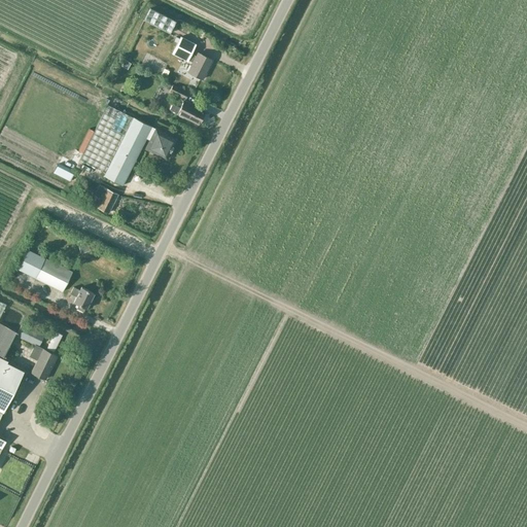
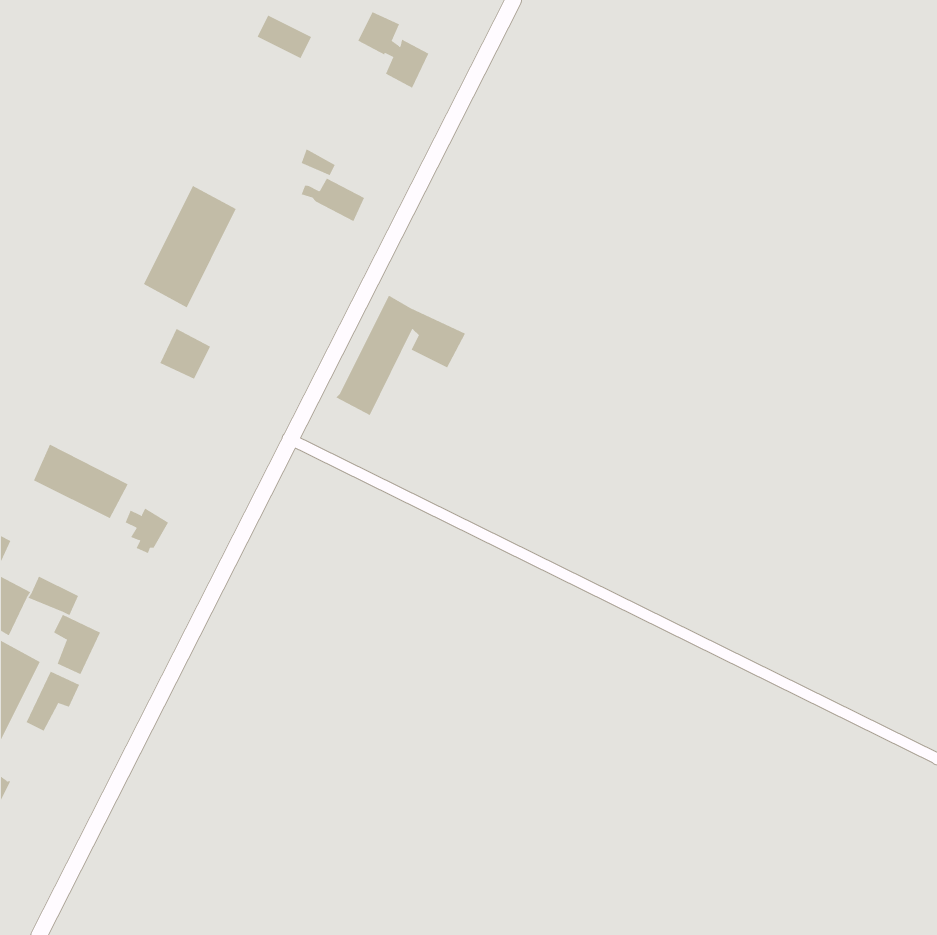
building: [172,37,212,80] -> [358,11,429,88]
building: [103,118,176,186] -> [335,295,466,416]
building: none -> [26,671,80,731]

